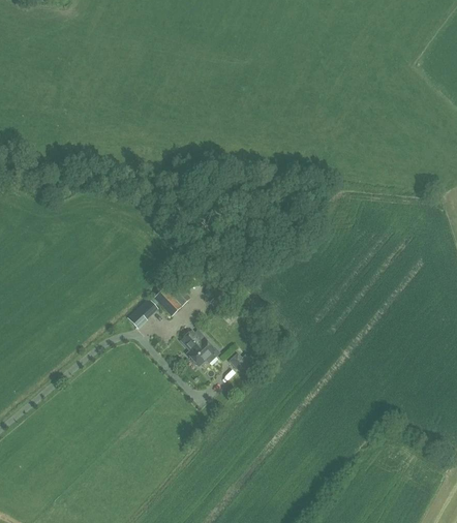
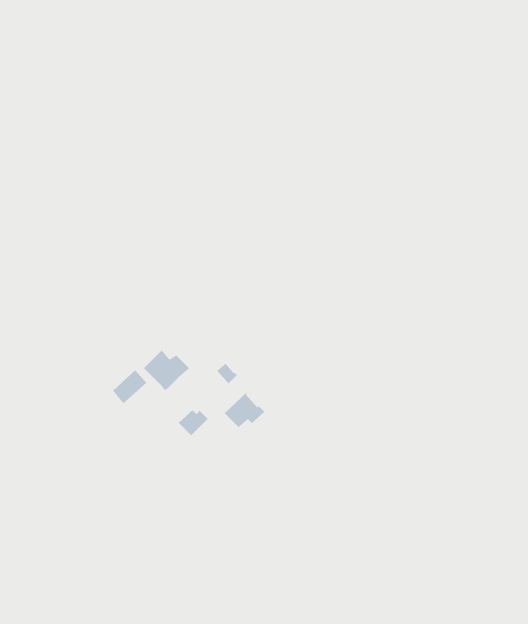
building: [186,337,218,365] -> [224,392,265,428]

